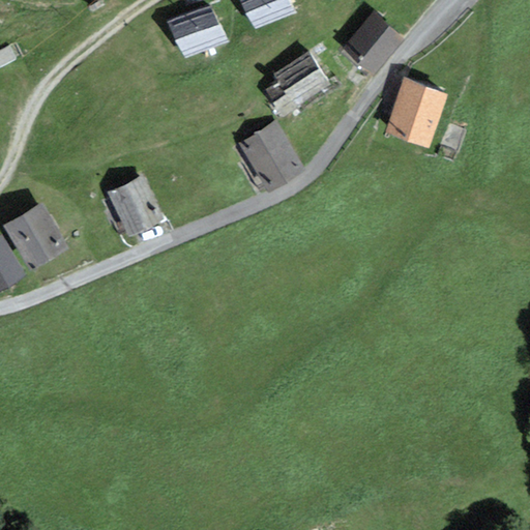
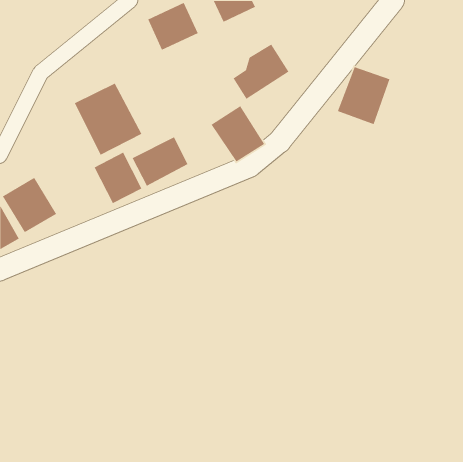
building: [343,11,402,71] -> none
building: none -> [74,82,142,156]
building: none -> [132,136,189,187]

